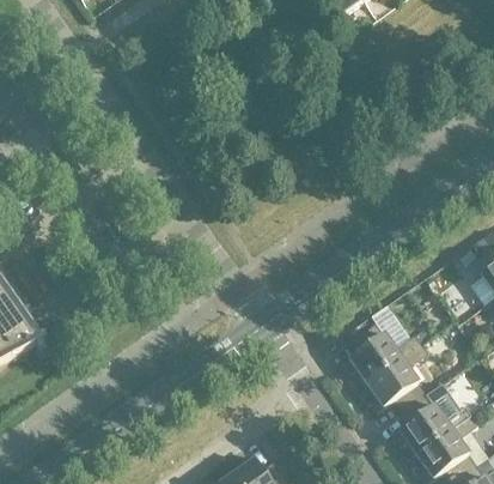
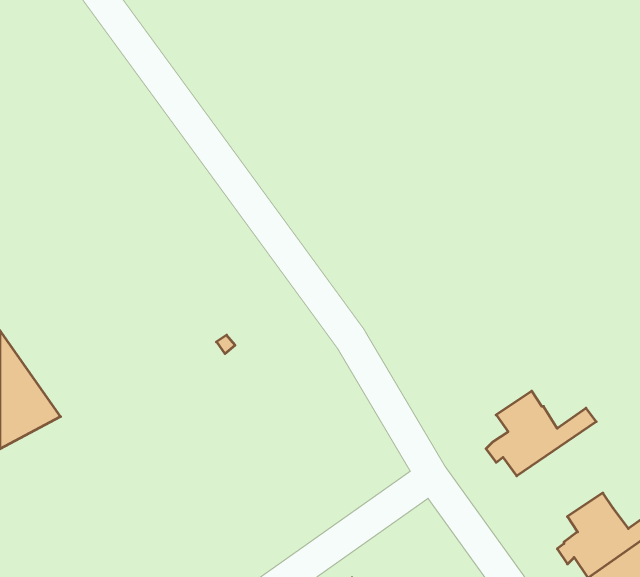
building: [366,343,428,410] -> none

